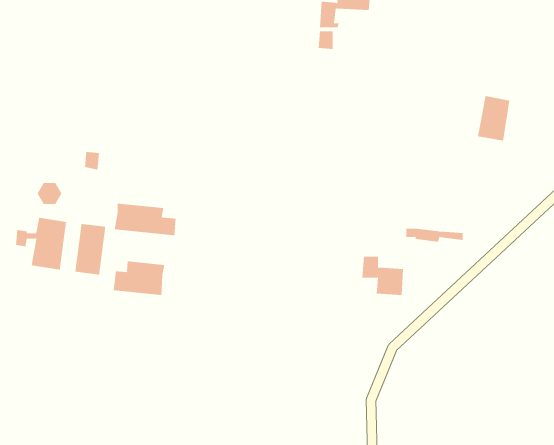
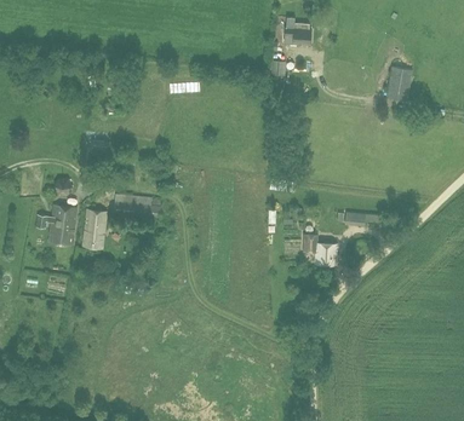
building: [477,96,510,141] -> [385,67,411,102]
building: [113,260,165,296] -> none

